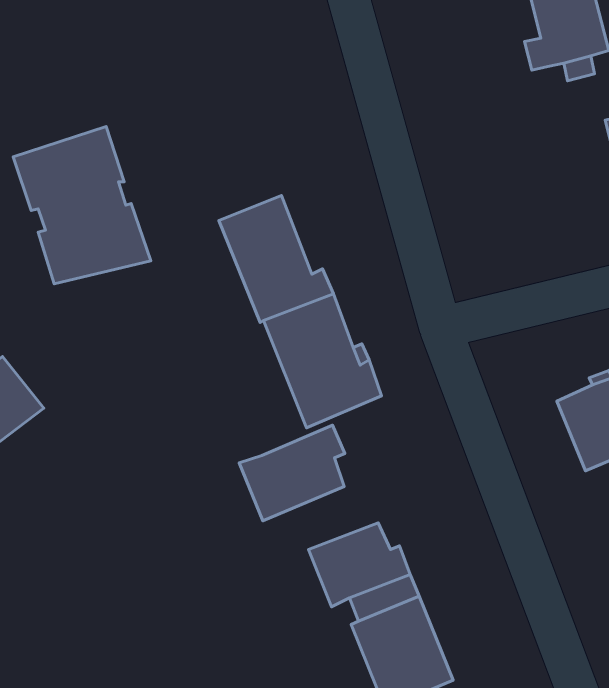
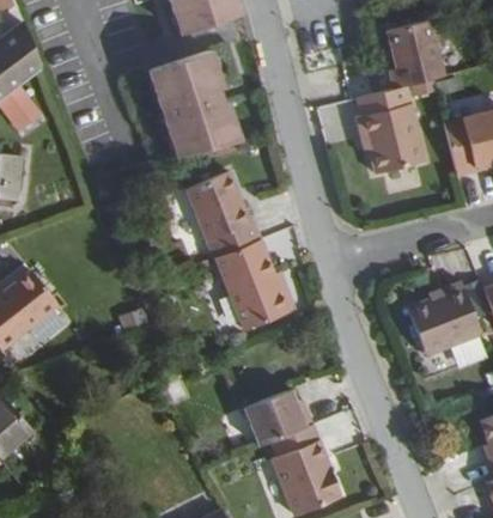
building: none -> [357,86,425,170]
building: [13,127,151,284] -> [148,50,241,156]
building: [239,425,345,521] -> none

